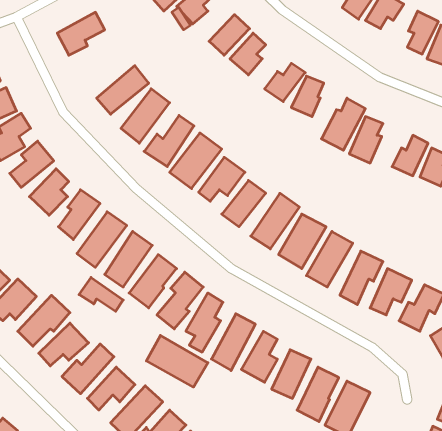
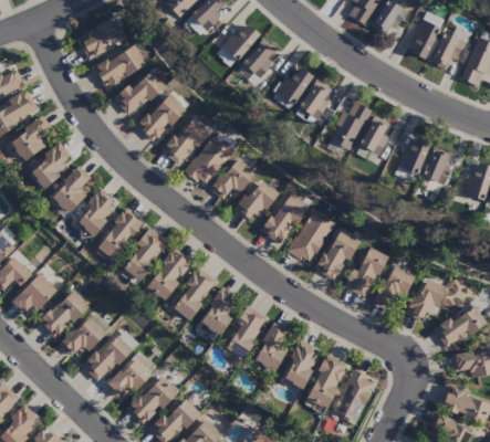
building: none -> [93,44,146,88]
building: [79,277,123,311] -> none
building: [146,335,208,387] -> none

